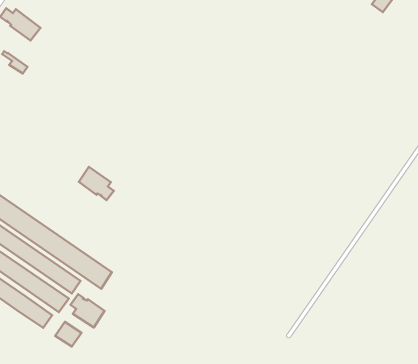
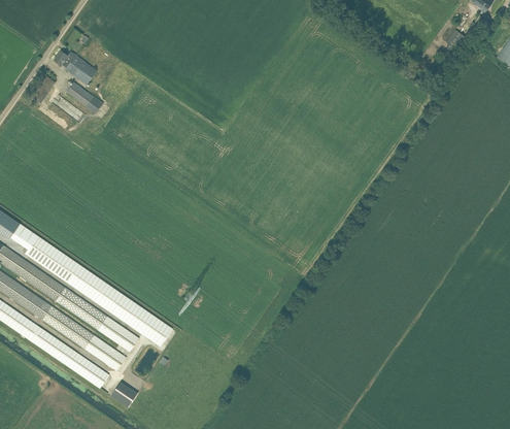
building: none -> [65,80,102,113]
building: [79,167,114,200] -> none
building: [71,294,105,328] -> none

